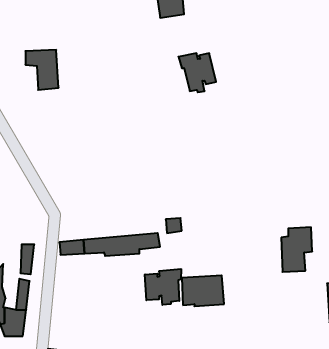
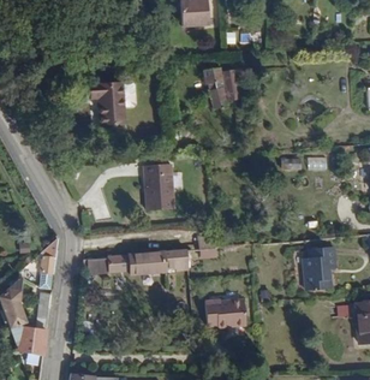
building: [25,50,59,90] -> [86,79,121,121]
building: none -> [136,165,166,212]
building: [145,269,181,305] -> none

